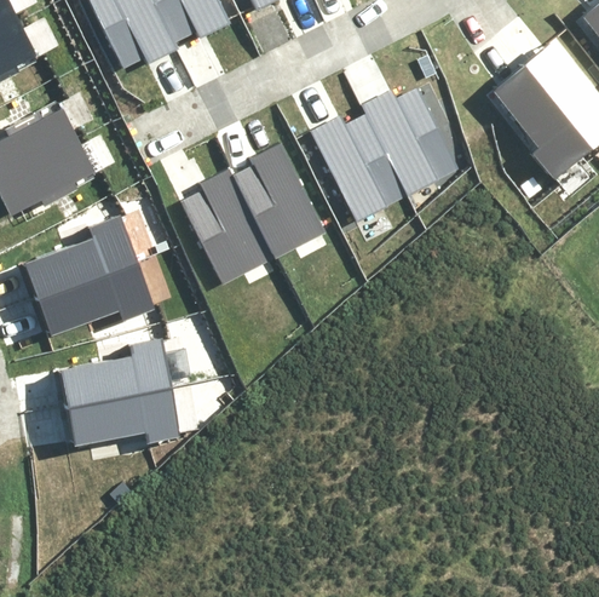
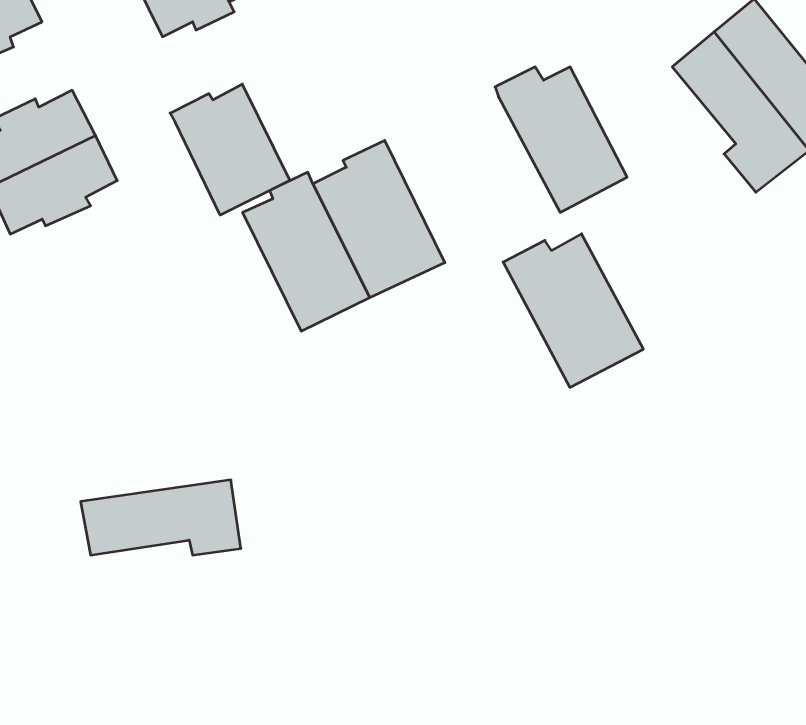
building: none -> [170,84,290,215]
building: [310,111,411,223] -> [503,234,643,387]
building: [19,213,154,334] -> none
building: [59,338,173,404] -> none

